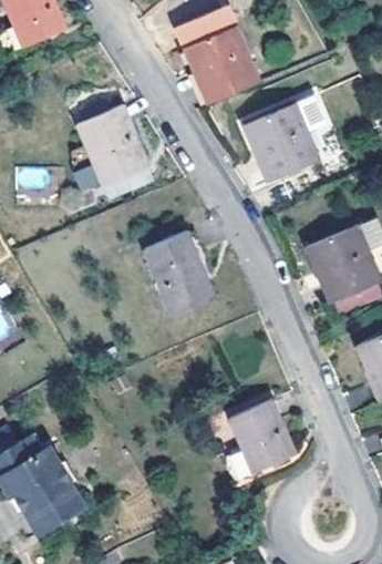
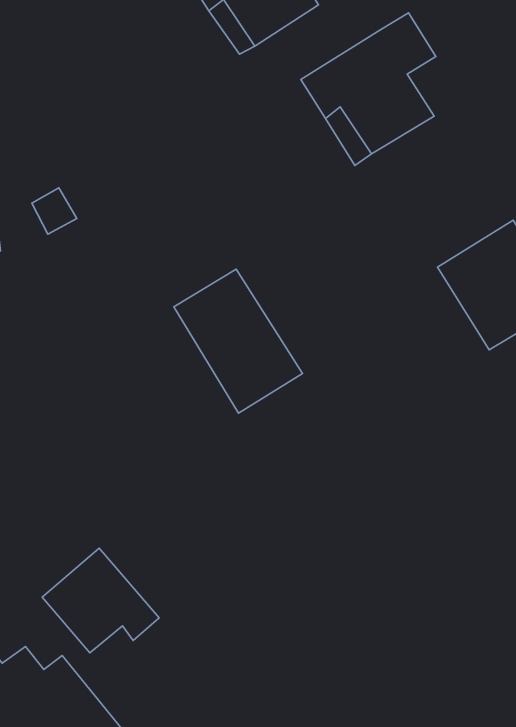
building: [79,106,148,184] -> none
building: none -> [42,548,159,653]
building: [231,401,297,472] -> none

